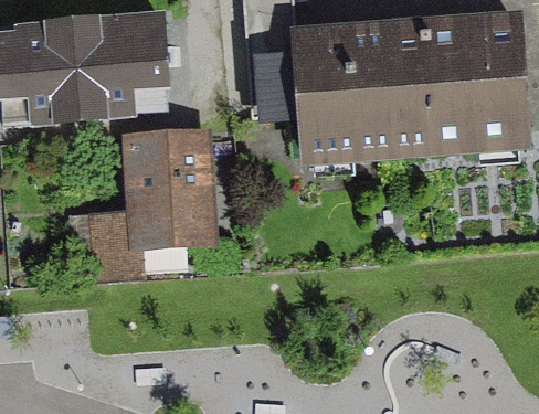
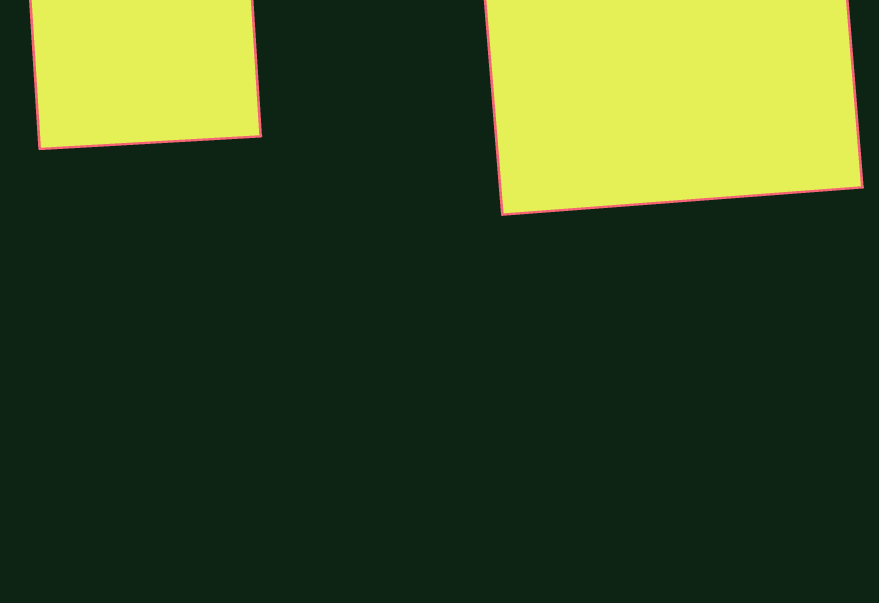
building: [73,131,216,275] -> none

